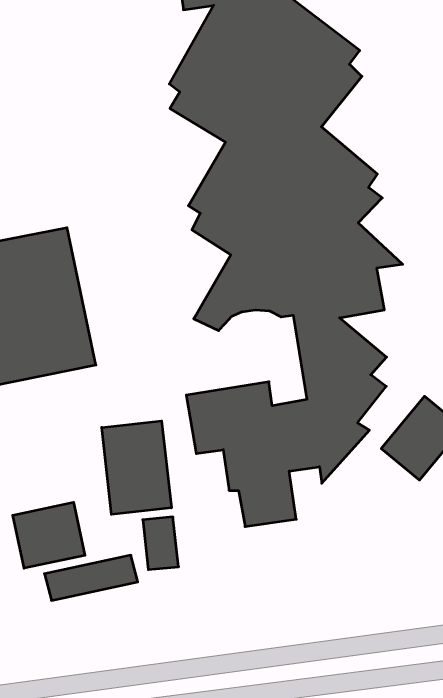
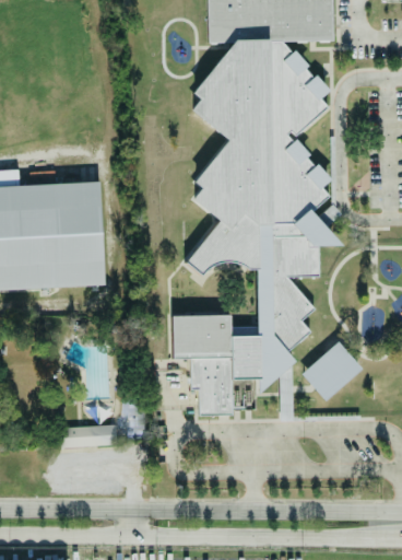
building: [102,421,171,514] -> none
building: [13,502,85,568] -> none

